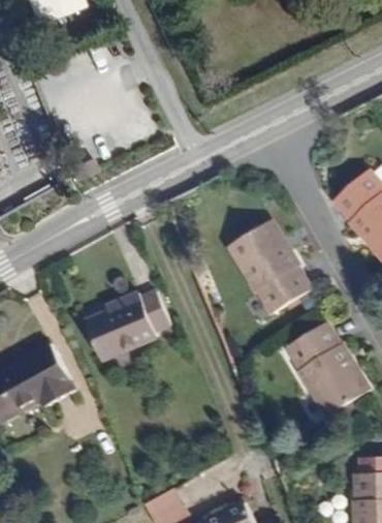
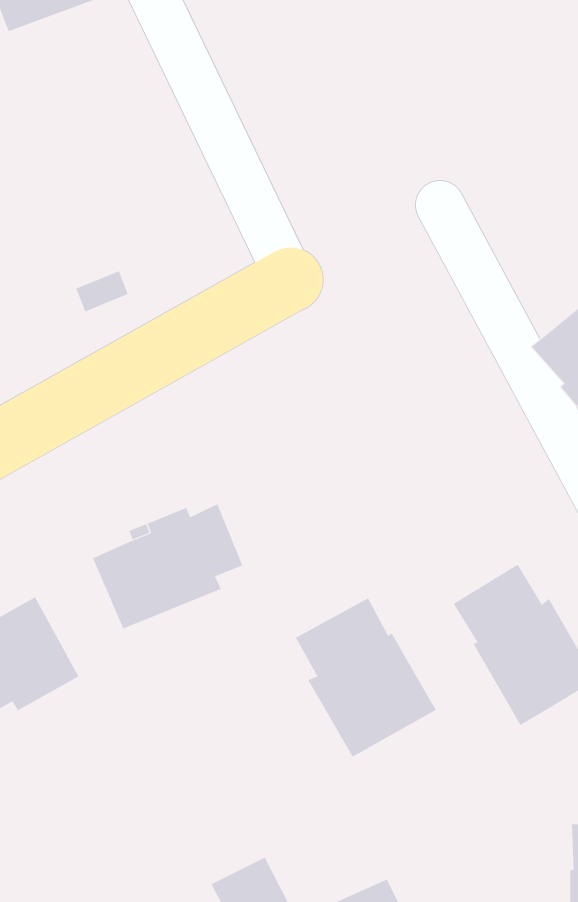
building: [227,218,311,312] -> none
building: none -> [295,597,437,757]

